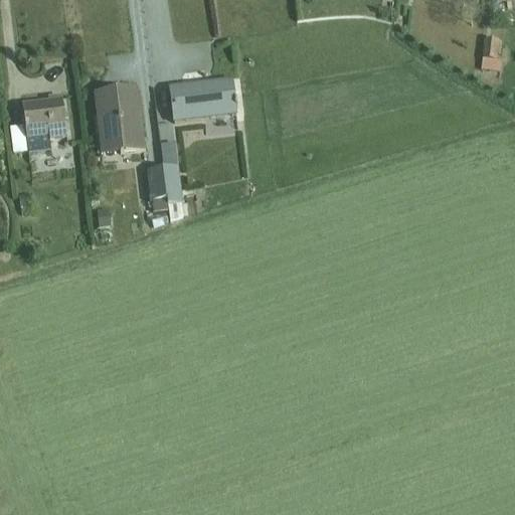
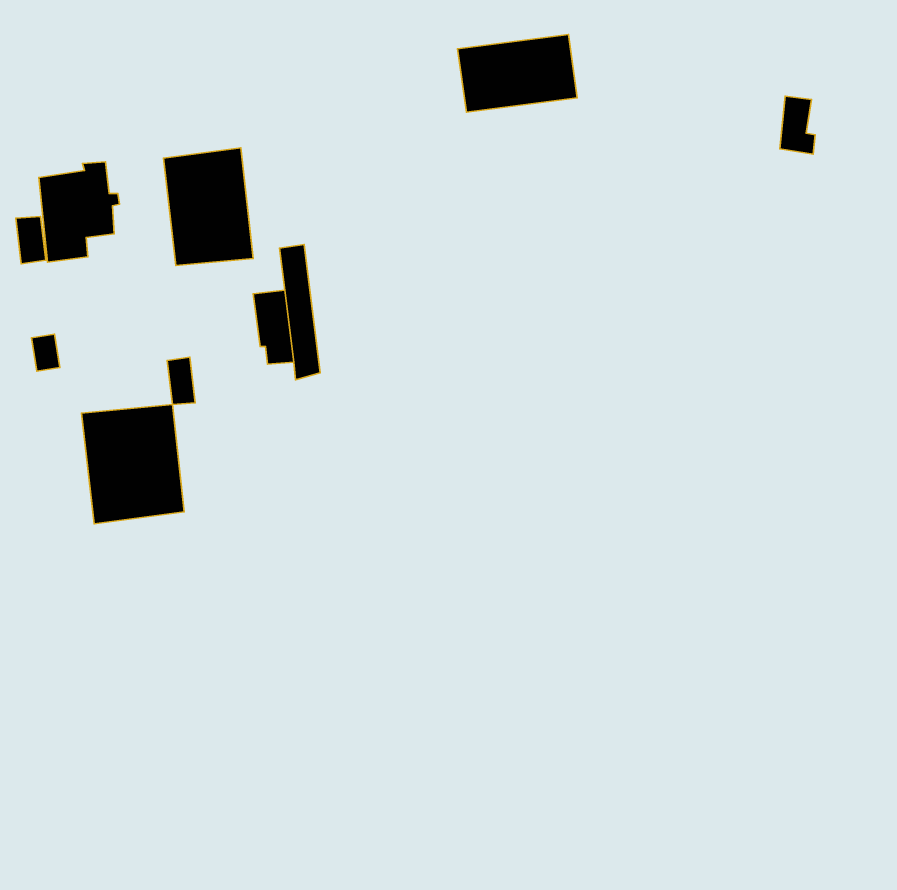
building: [481,34,501,67] -> [780,96,815,154]
building: [168,75,236,120] -> [458,35,577,112]
building: none -> [81,405,184,524]

